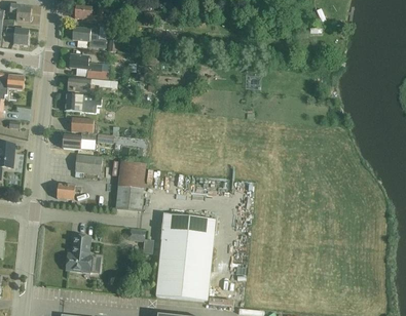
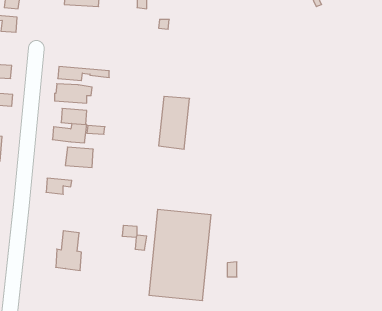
building: [72,25,106,47] -> none
building: [69,53,107,78] -> none
building: [116,161,146,211] -> [159,96,190,149]

